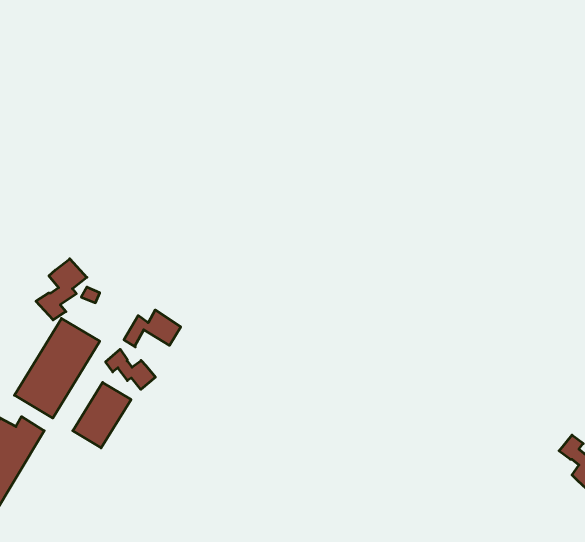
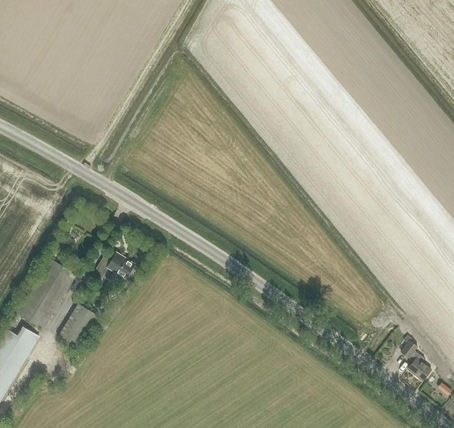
building: [36,259,87,320] -> none
building: [106,349,155,389] -> none

